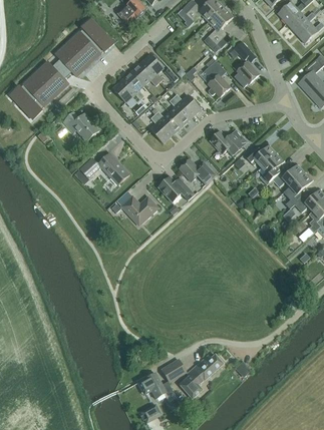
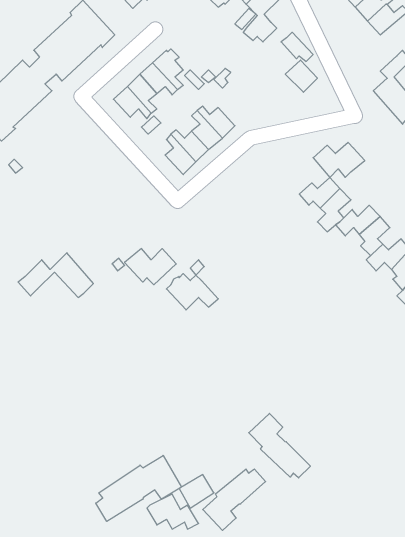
building: [199,60,230,97] -> none
building: [63,112,98,141] -> none
building: [210,129,247,154] -> [313,142,365,177]
building: [74,152,128,184] -> [18,253,93,297]
building: [179,158,220,184] -> none
building: [157,176,195,202] -> [166,274,218,310]
building: none -> [249,413,310,478]
building: none -> [96,455,182,521]

